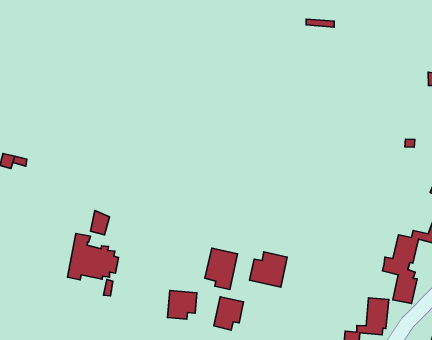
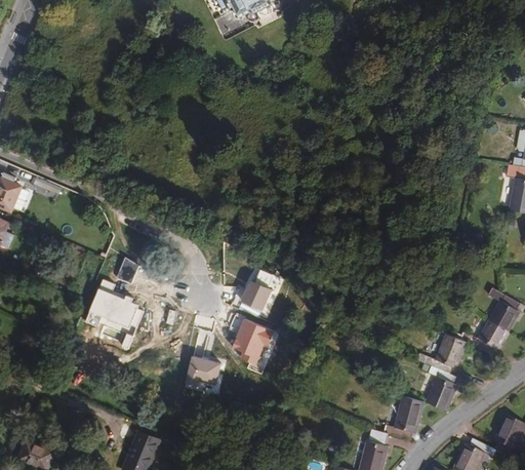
building: none -> [238,279,271,311]
building: [250,252,287,287] -> none
building: [214,297,244,330] -> none

